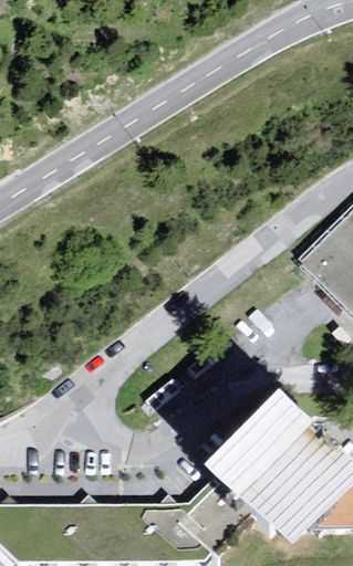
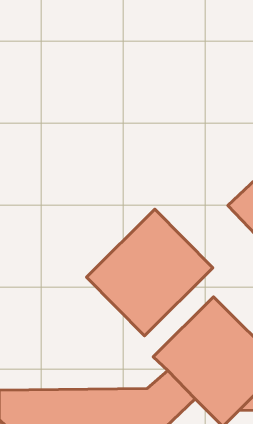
building: none -> [86,209,213,336]

